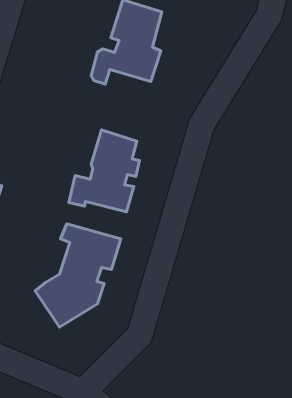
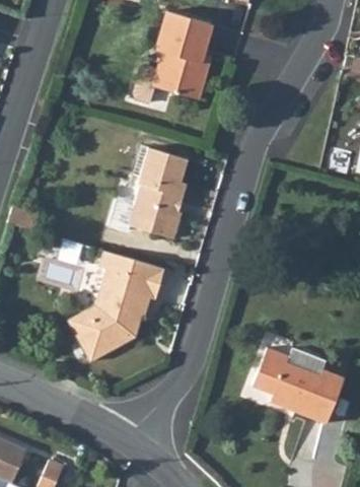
building: none -> [248,344,340,418]

